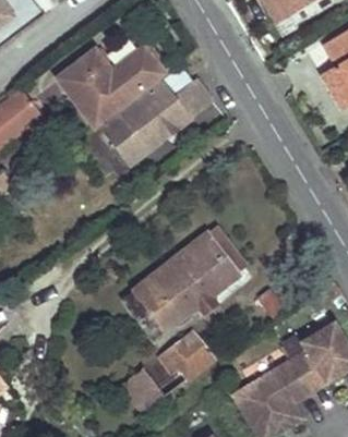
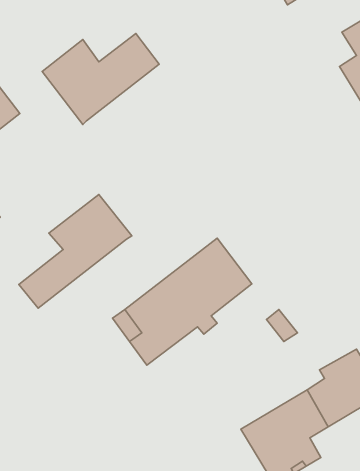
building: [101,65,213,163] -> none
building: none -> [19,195,132,308]
building: [121,331,214,412] -> none

